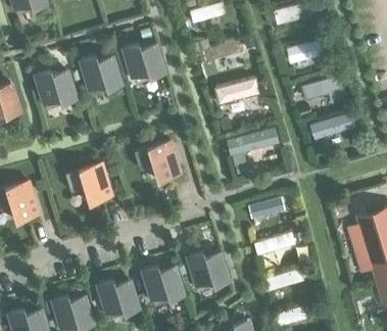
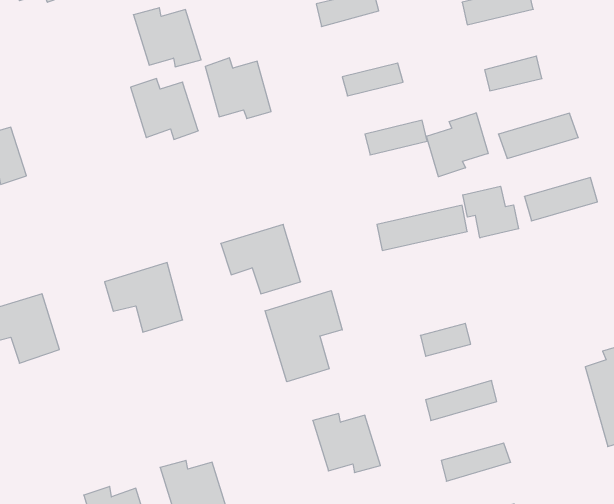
building: [36,69,76,104] -> [133,8,201,67]
building: none -> [426,113,488,177]
building: none -> [463,186,519,238]
building: none -> [265,291,342,382]
building: [143,266,183,301] -> none

